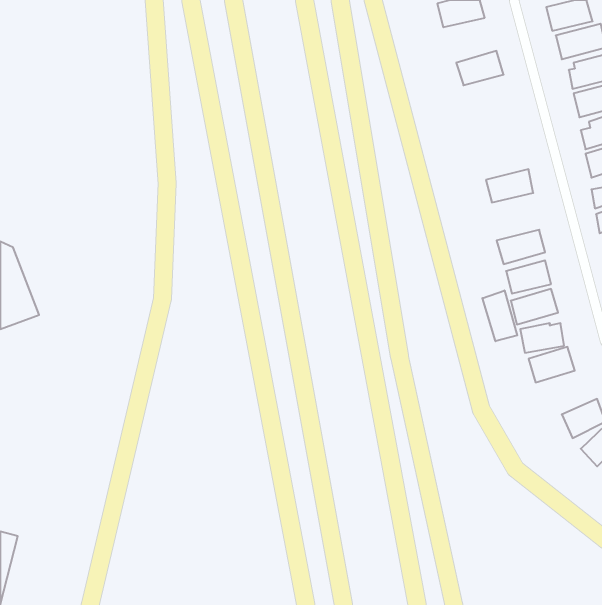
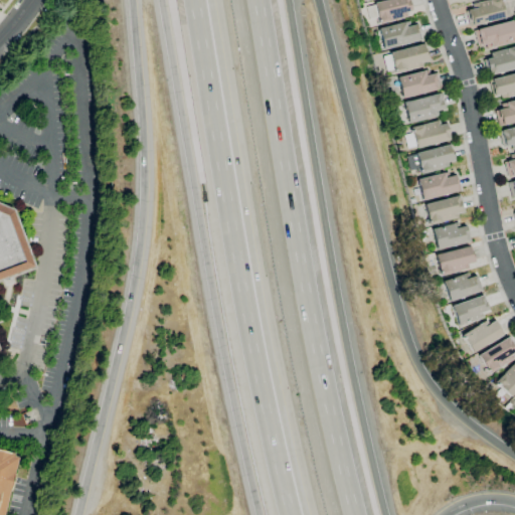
building: none -> [378,21,422,49]
building: none -> [397,69,442,98]
building: none -> [403,94,446,124]
building: none -> [412,121,452,147]
building: none -> [417,173,461,200]
building: [482,290,517,341] -> none
building: none -> [463,317,504,353]

